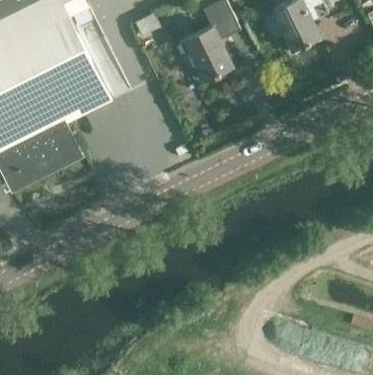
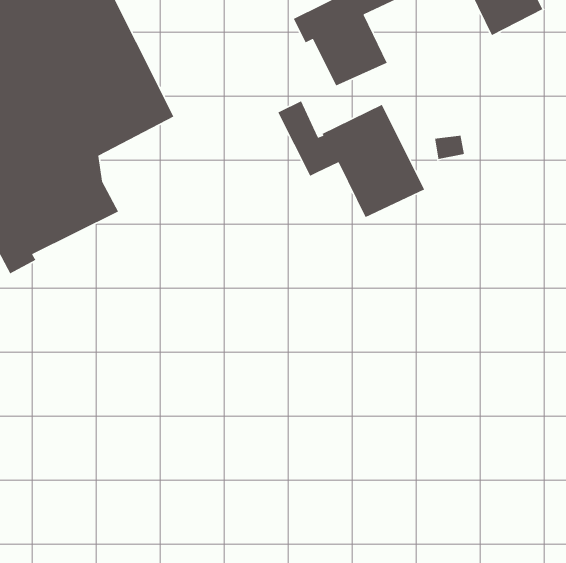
building: none -> [277,100,425,218]

